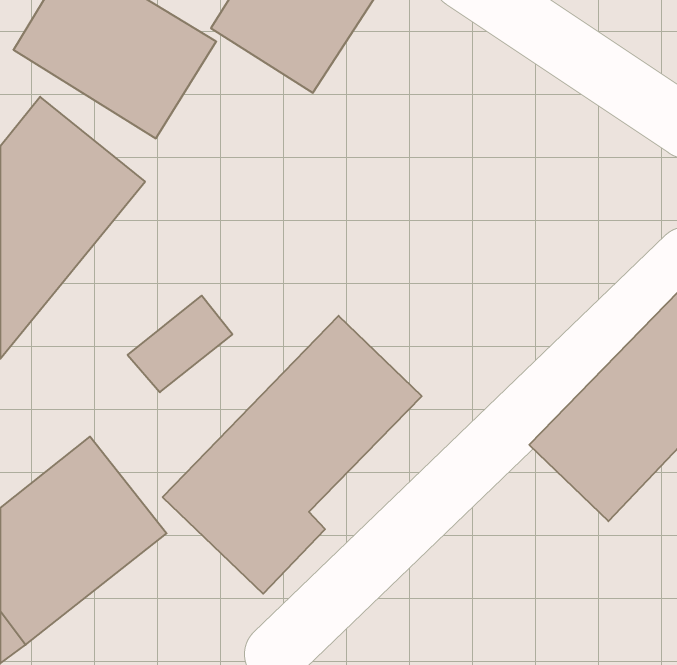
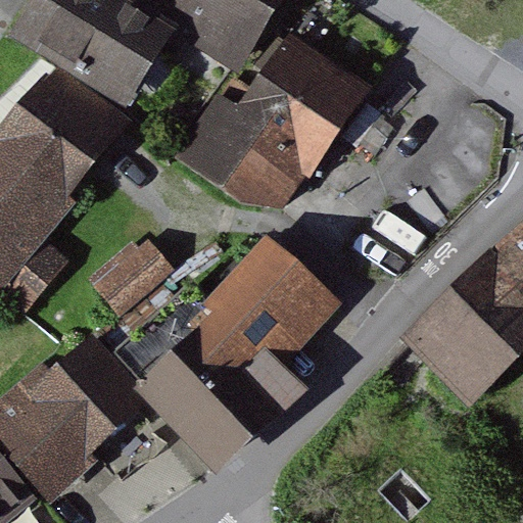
building: none -> [187,38,371,212]

